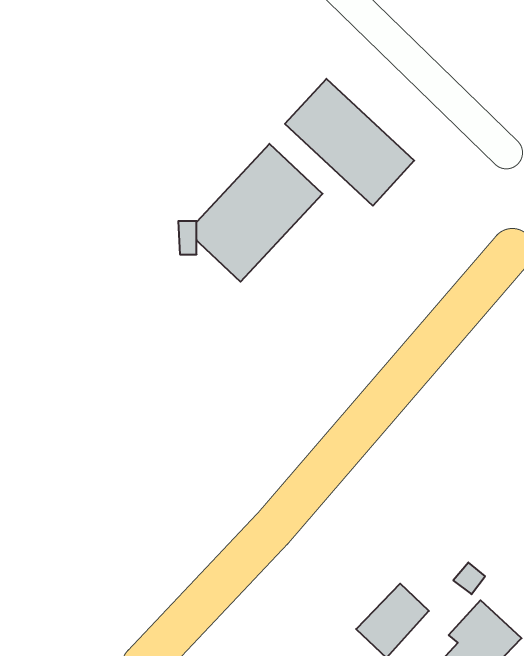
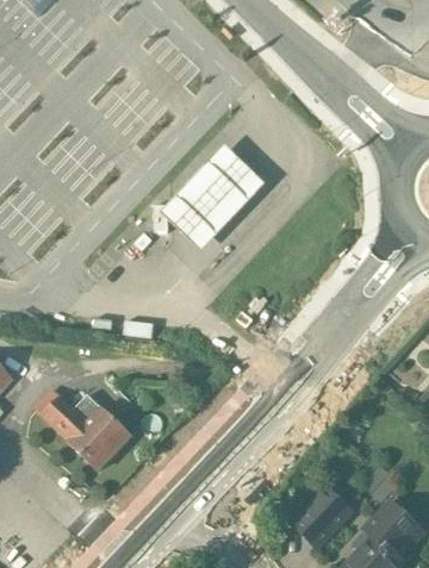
building: [285,79,414,206] -> none
building: none -> [35,387,130,469]

